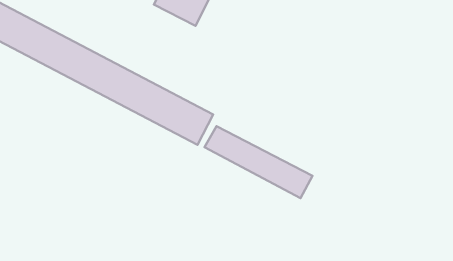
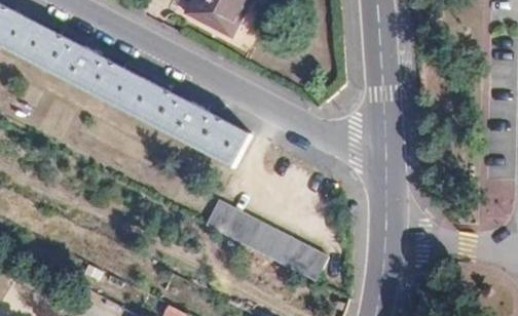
building: [204,126,313,198] -> [202,202,323,282]

